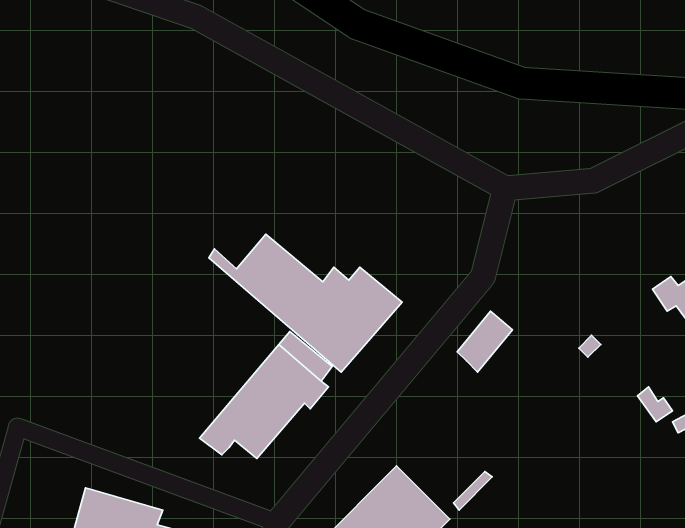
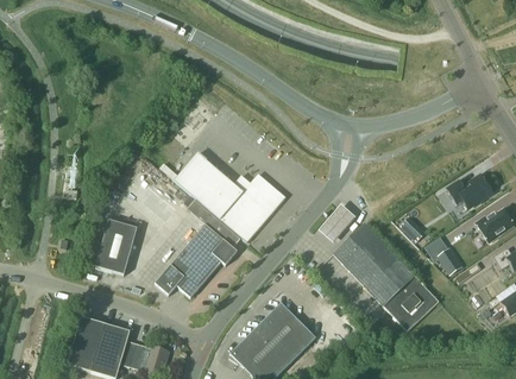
building: none -> [95,220,136,274]
building: none -> [333,223,439,330]

